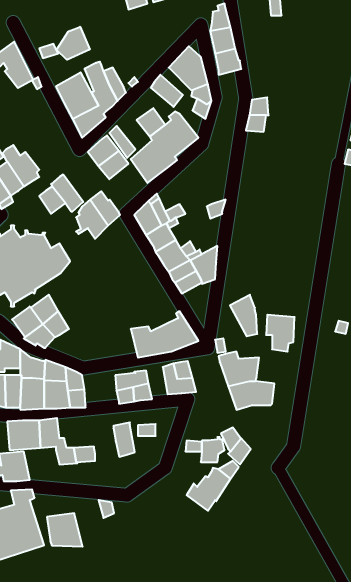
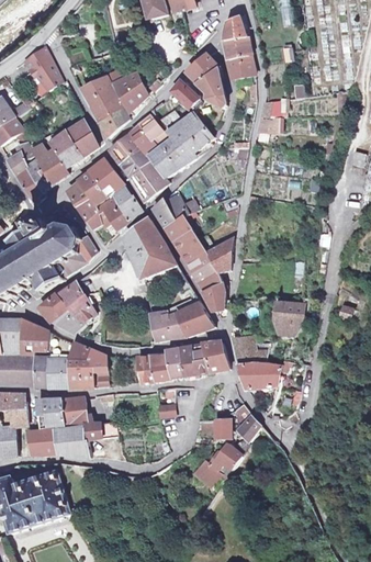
building: [57,27,90,60] -> none
building: none -> [137,115,167,147]
building: none -> [49,119,95,166]
building: none -> [88,157,123,195]
building: none -> [131,160,167,199]
building: none -> [77,196,104,228]
building: none -> [123,216,176,278]
building: [230,295,257,336] -> [198,270,223,308]
building: none -> [203,340,228,371]
building: [113,422,135,457] -> [165,346,184,378]
building: [47,513,83,547] -> [56,425,89,456]

